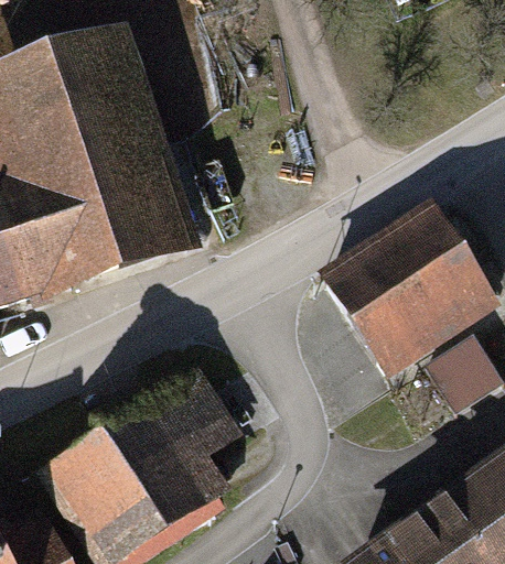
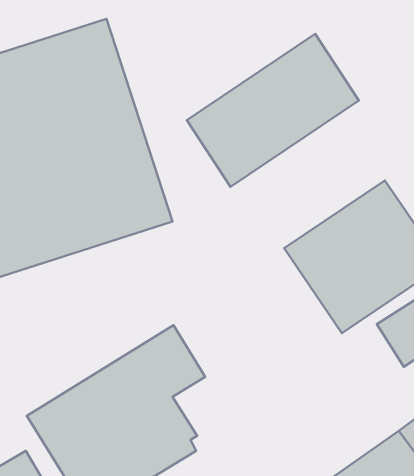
building: none -> [187,34,359,187]

